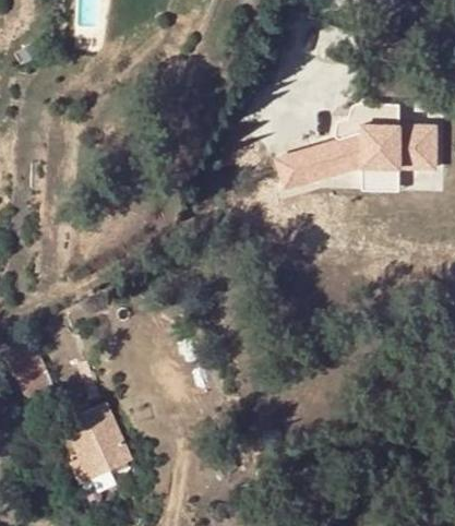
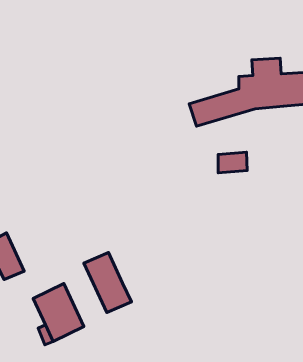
building: [359,168,397,195] -> [218,152,247,173]
building: none -> [84,253,131,313]

